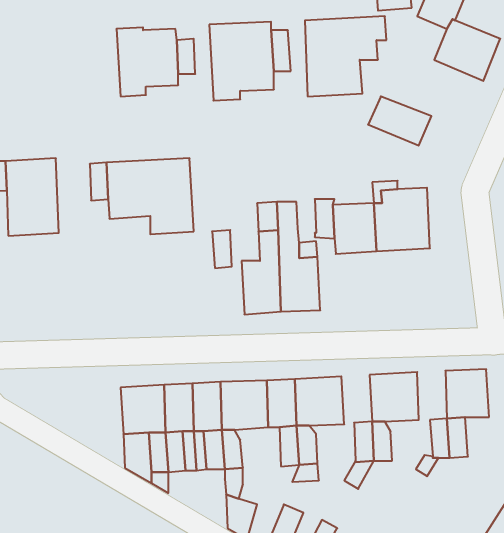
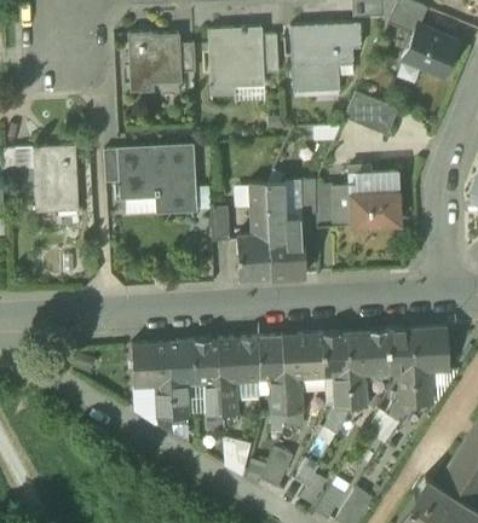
building: none -> [388,329,414,371]
building: none -> [323,332,350,374]

